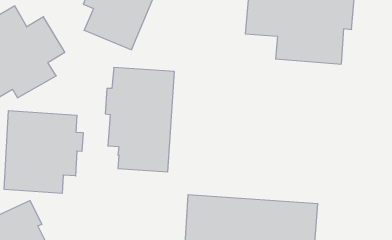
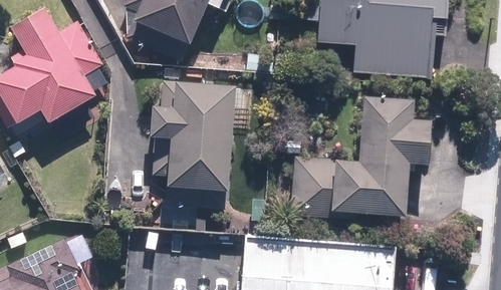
building: none -> [290,97,428,220]
building: [4,111,83,193] -> none

